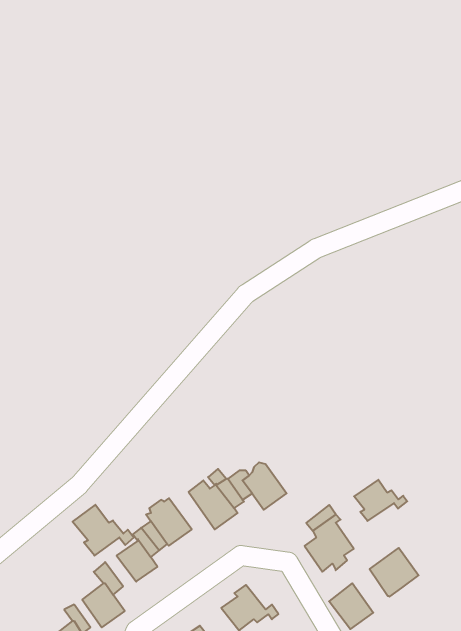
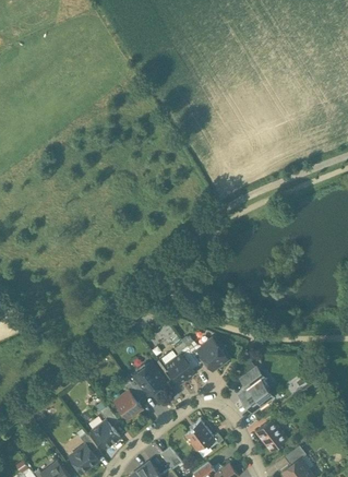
building: [354,480,407,521] -> none
building: [73,505,134,556] -> none
building: [370,548,419,597] -> none

